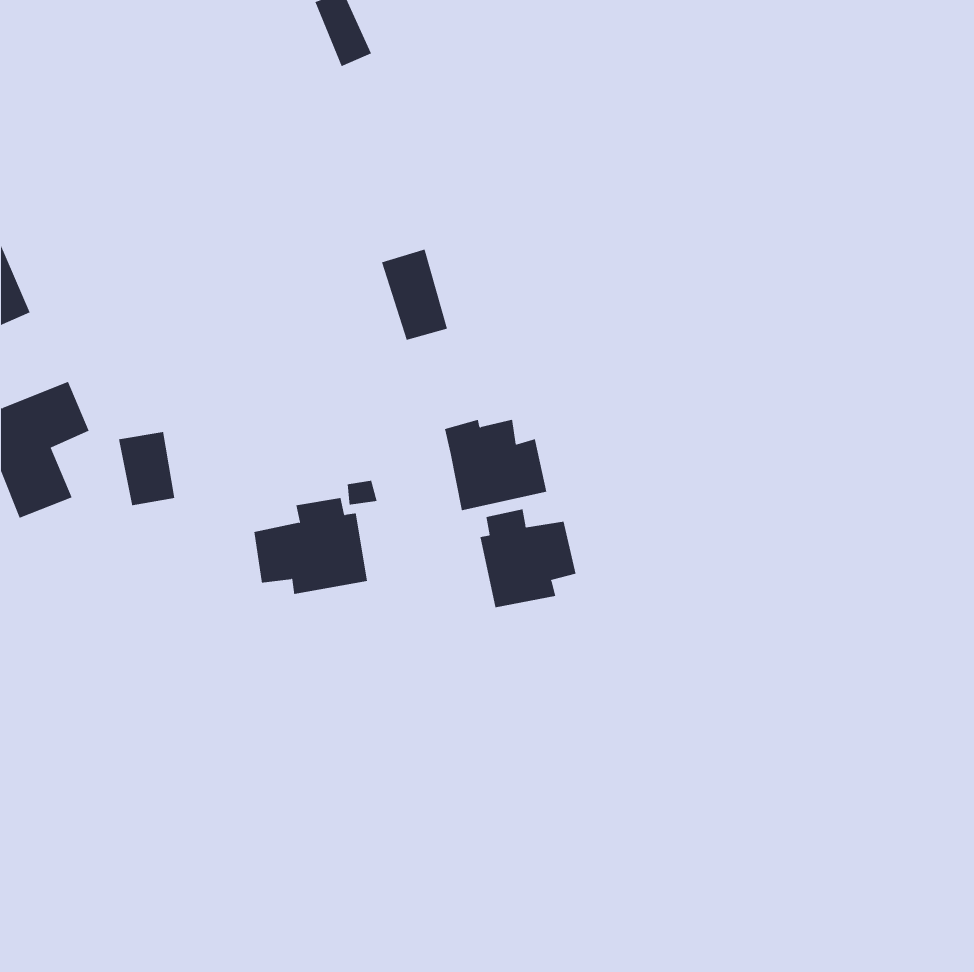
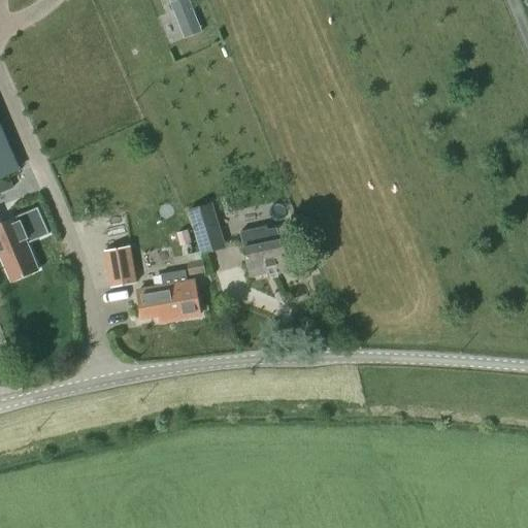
building: [381,249,448,340] -> [188,202,224,252]
building: [118,431,175,506] -> [104,245,135,286]
building: [480,508,576,608] -> none

